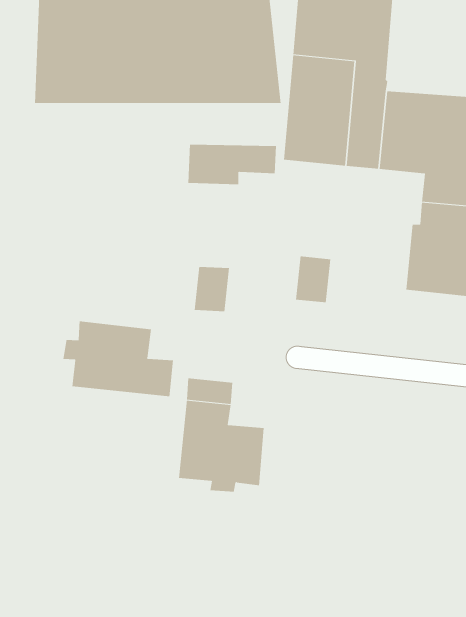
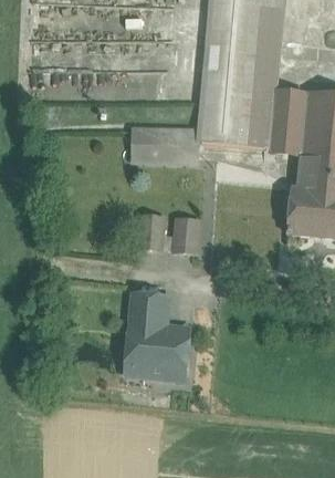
building: [295,256,331,303] -> [174,217,199,250]
building: [63,320,173,397] -> none

